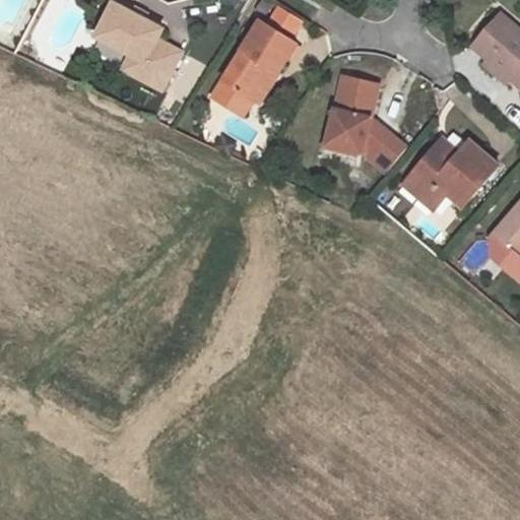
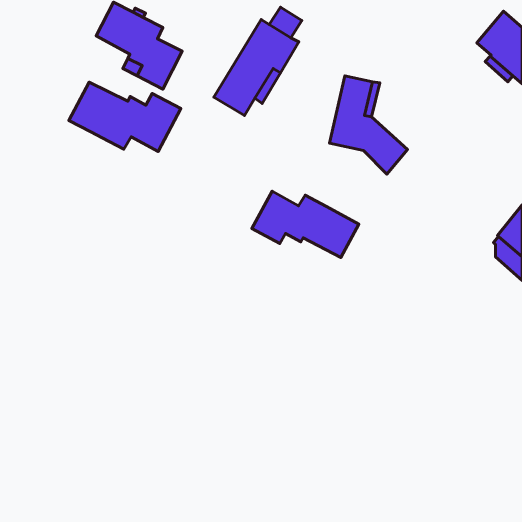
building: none -> [69,82,181,152]
building: [404,140,498,208] -> none
building: none -> [252,191,359,257]

